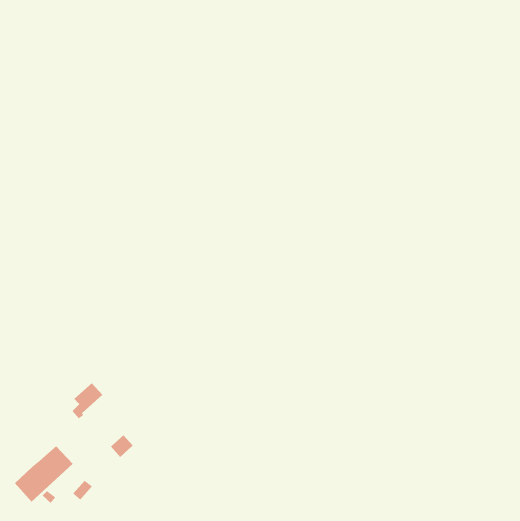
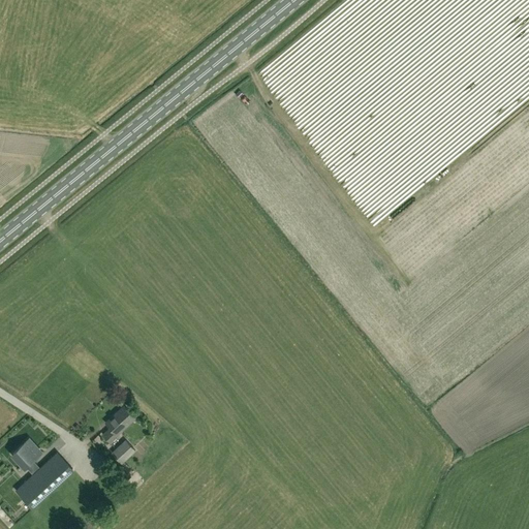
building: [71,383,103,419] -> [102,406,134,443]
building: none -> [12,439,41,473]

